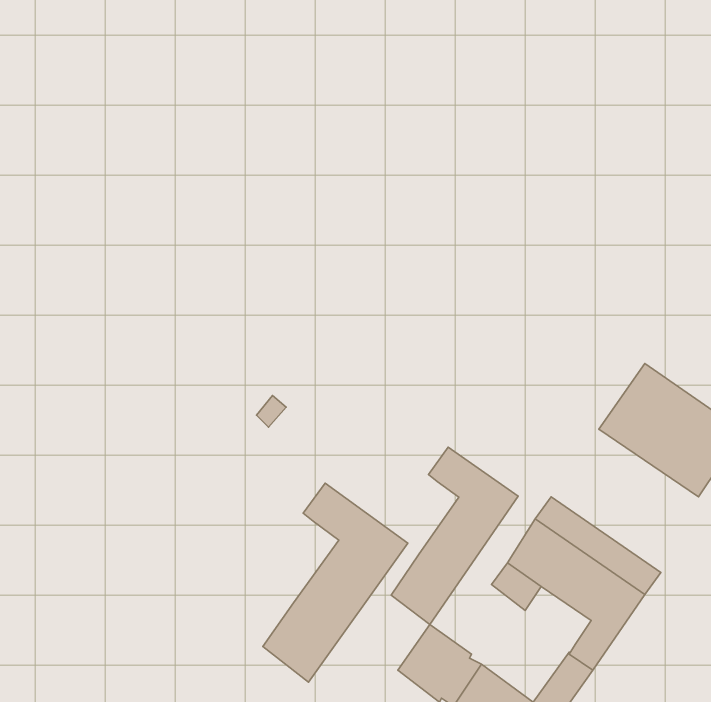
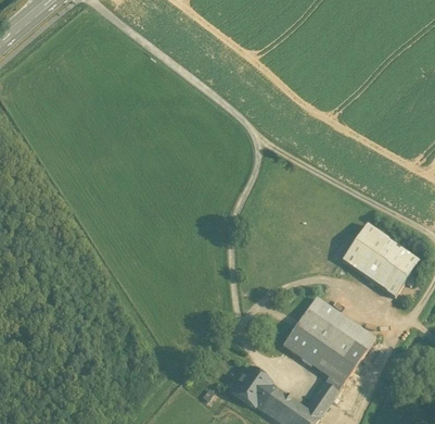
building: [391,447,518,624] -> none
building: [263,483,408,682] -> none
building: none -> [303,346,338,377]

